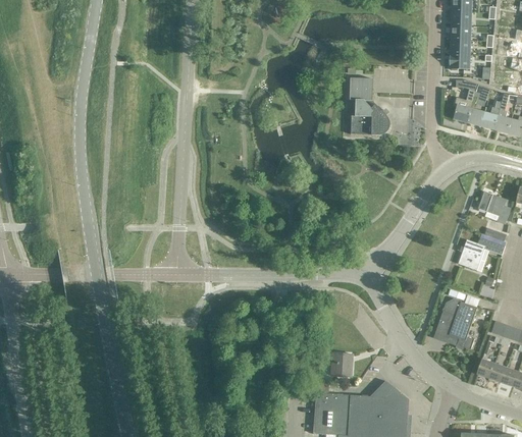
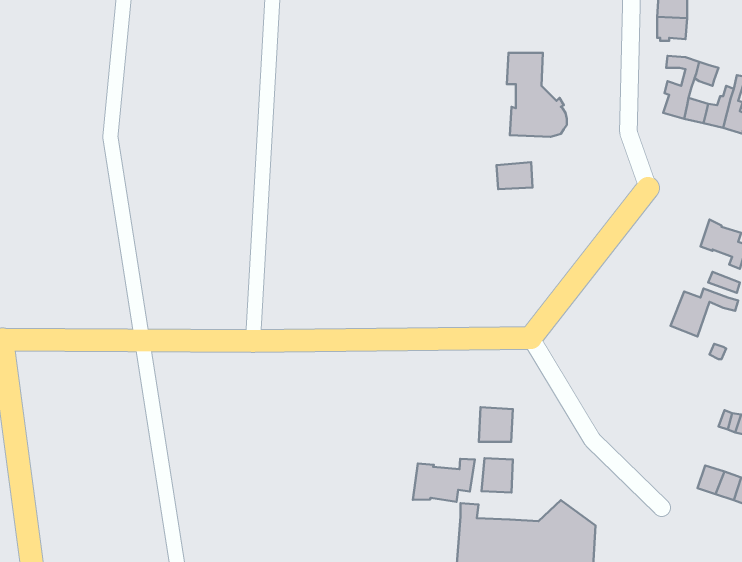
building: none -> [497,162,533,189]
building: [435,301,477,350] -> none
building: none -> [479,407,513,442]
building: none -> [413,459,475,502]

